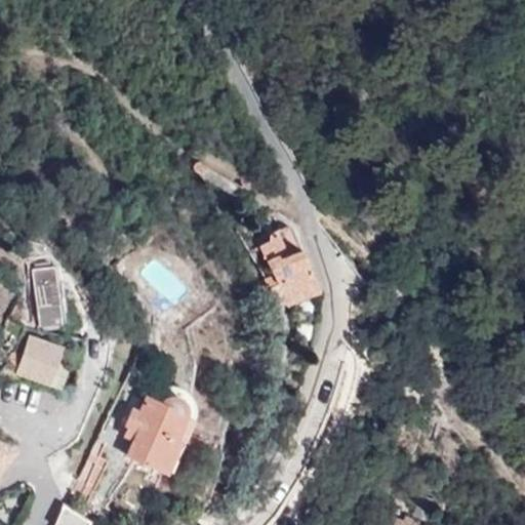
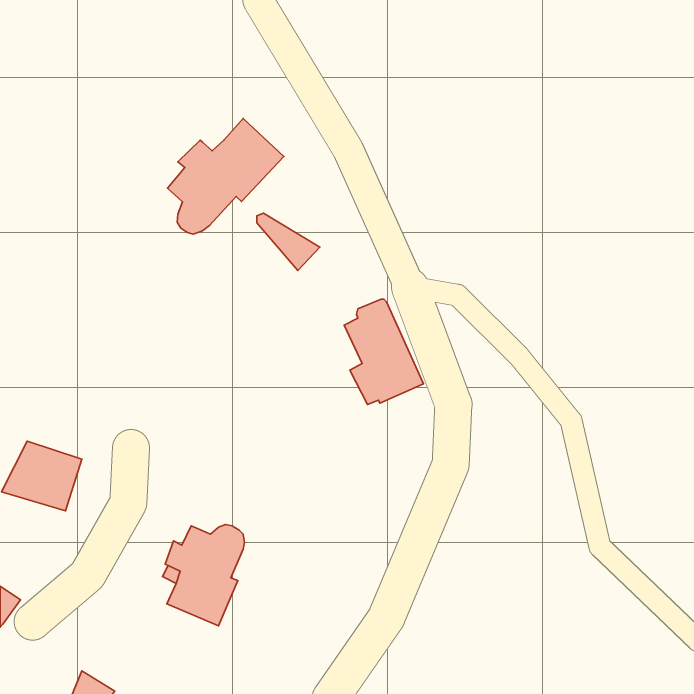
building: none -> [167,118,284,234]
building: [33,266,63,329] -> none

